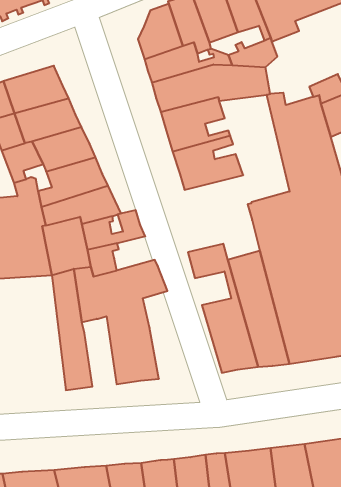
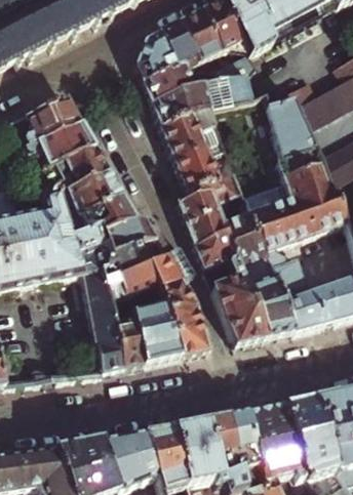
building: none -> [179,172,258,246]
building: none -> [161,278,210,354]
building: none -> [114,304,146,366]

